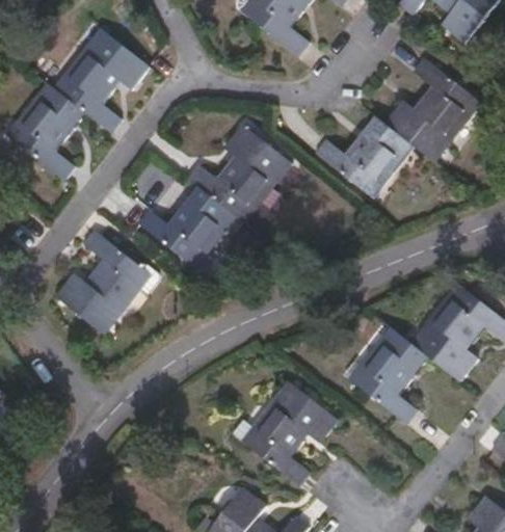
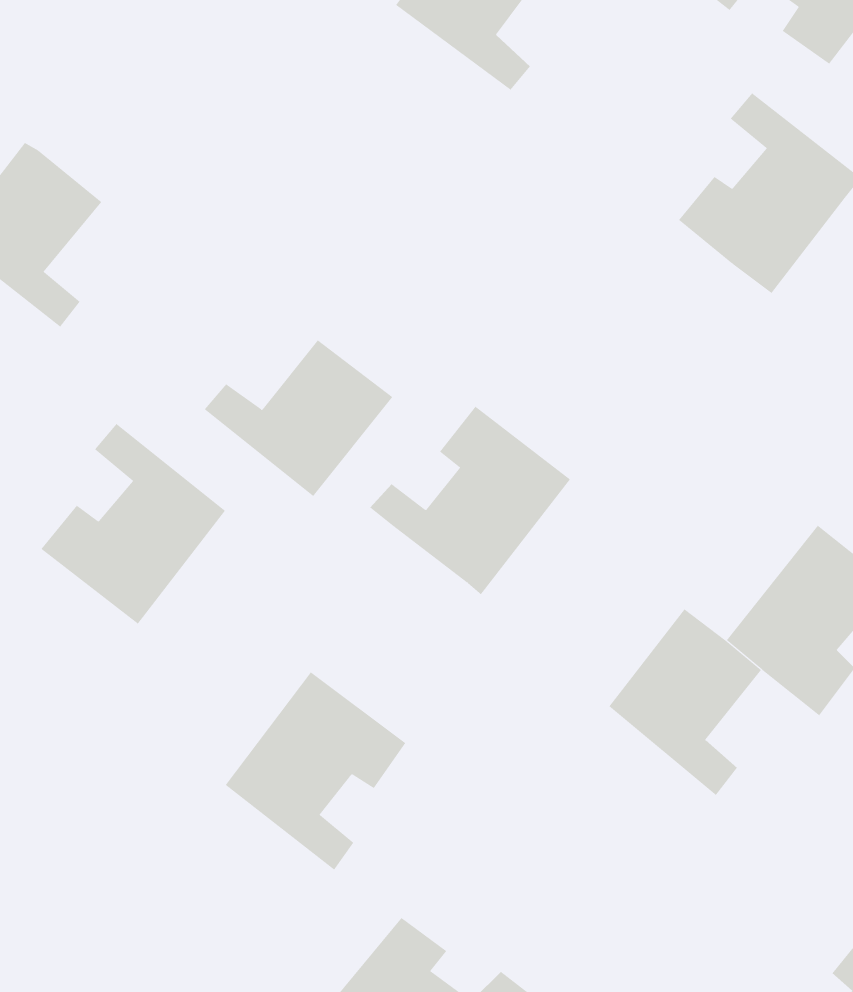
building: [52,28,150,134] -> none
building: [316,116,414,198] -> none
building: [186,124,291,222] -> [370,406,571,595]
building: [241,380,336,484] -> [225,671,406,871]

